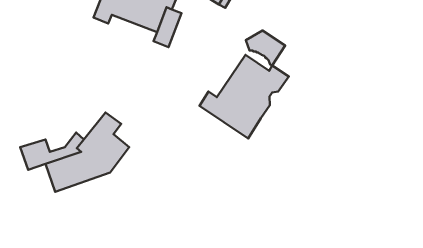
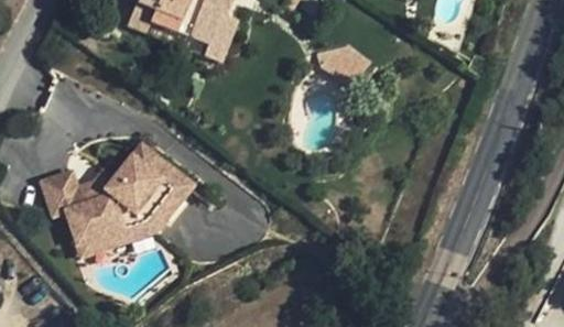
building: [199,55,289,138] -> none
building: none -> [77,159,194,257]

